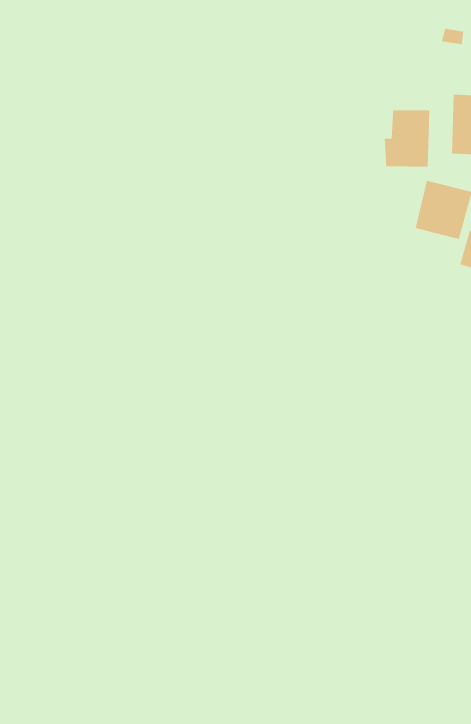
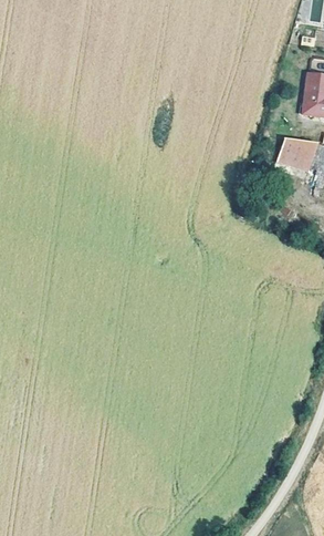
building: [384,109,430,168] -> none

